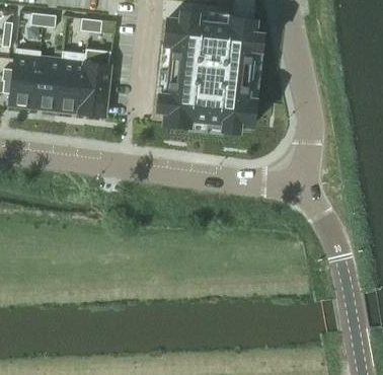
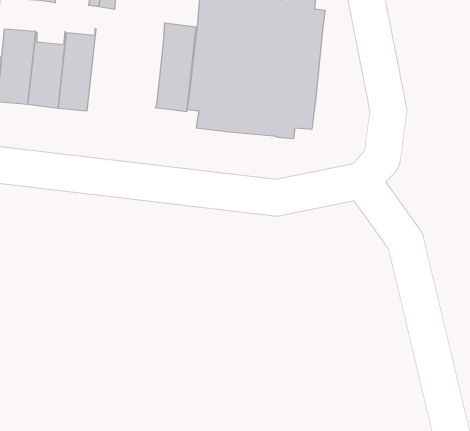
building: [80,48,111,116] -> [155,23,196,112]

